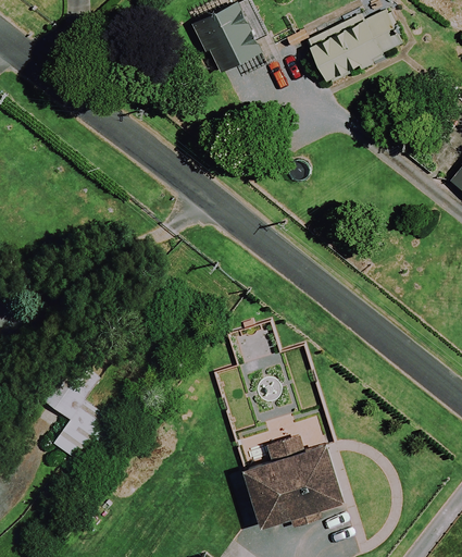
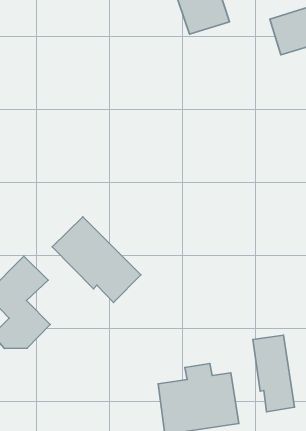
building: none -> [52,217,141,303]
building: none -> [253,335,294,412]

